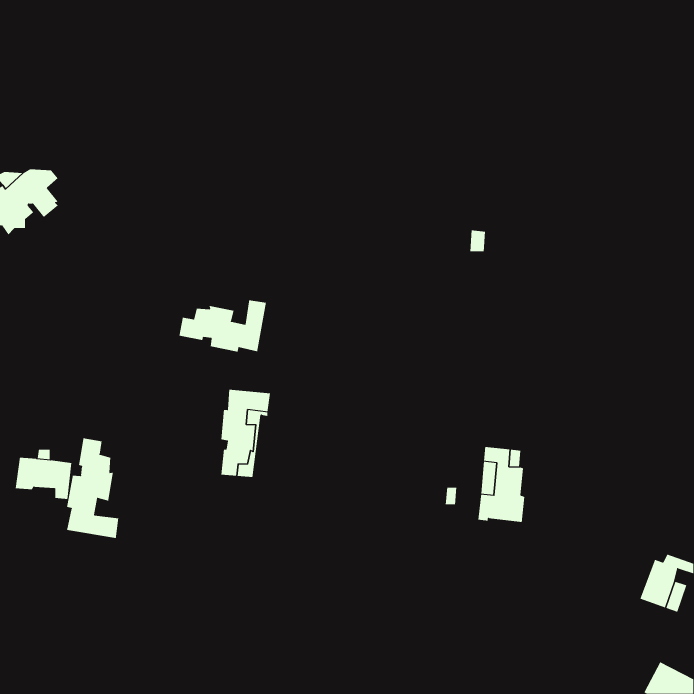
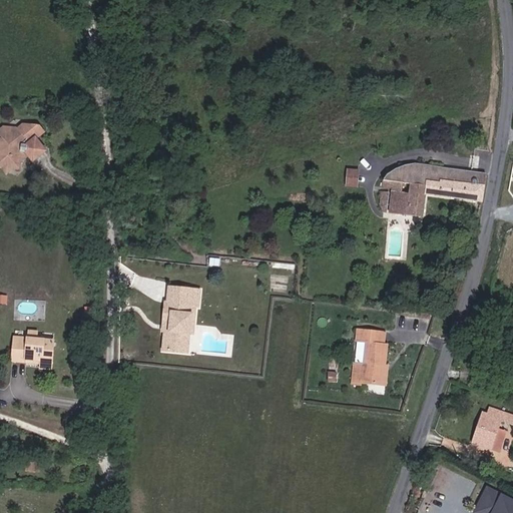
building: none -> [381,162,485,216]
building: [179,300,267,352] -> none
building: [67,437,119,539] -> none

